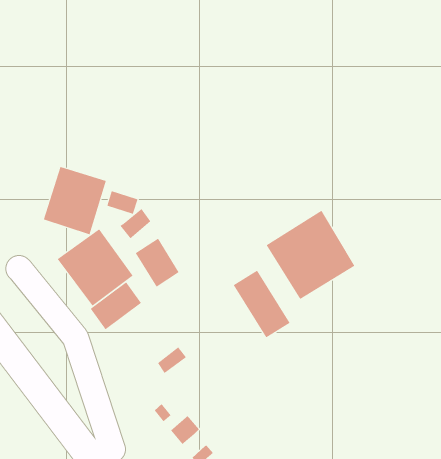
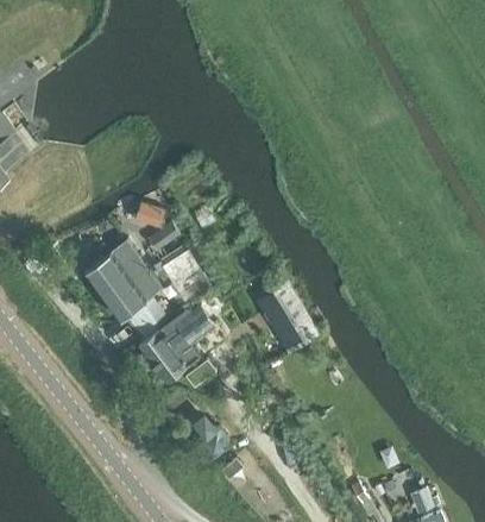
building: [43,166,107,235] -> none
building: [266,210,355,300] -> none
building: none -> [137,303,214,381]

